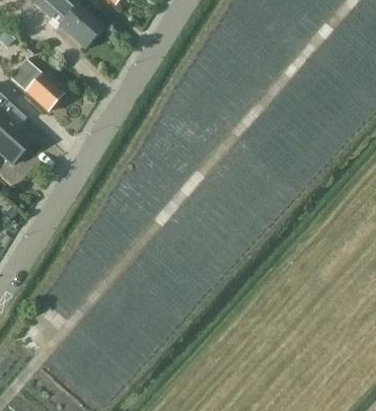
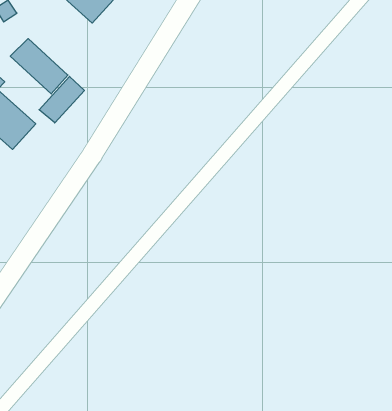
building: none -> [39,76,84,123]

